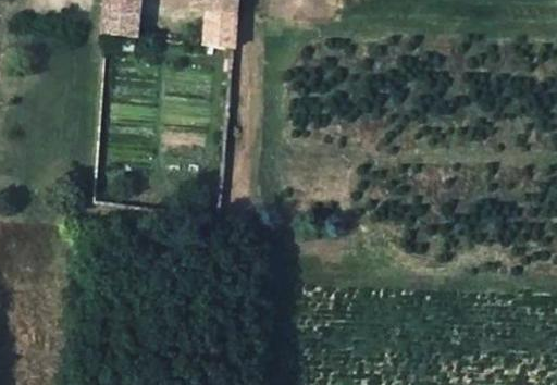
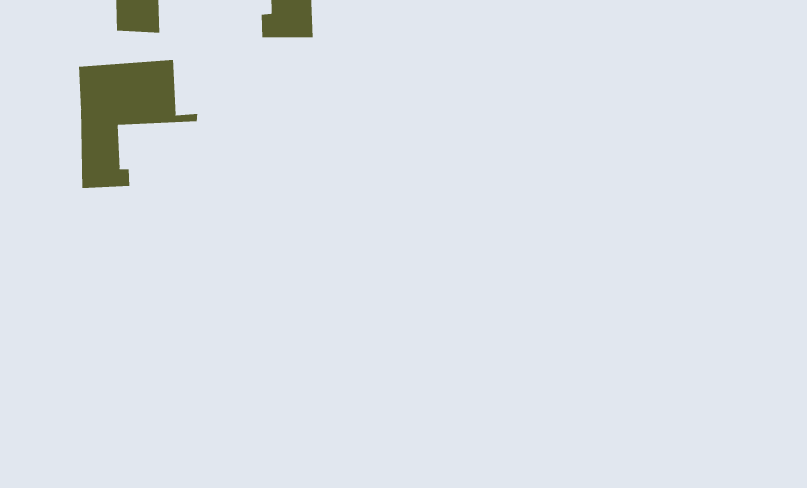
building: none -> [79,59,198,189]

